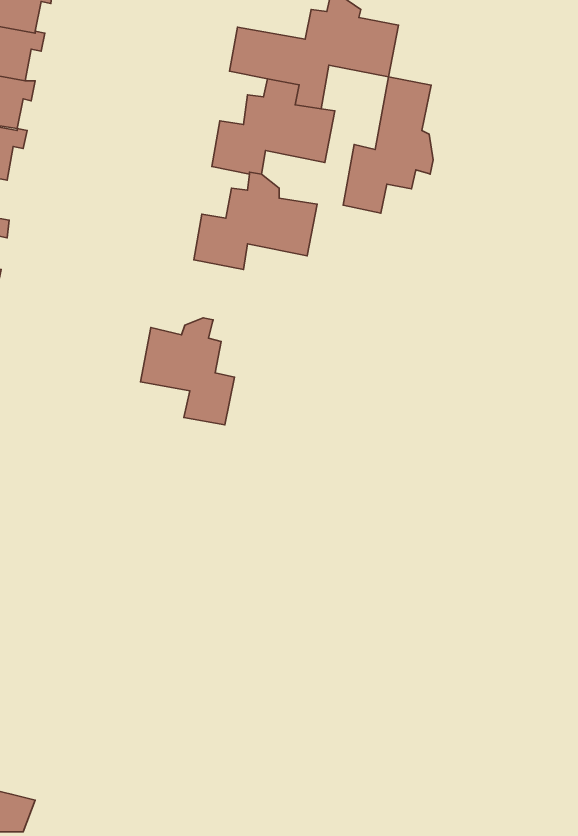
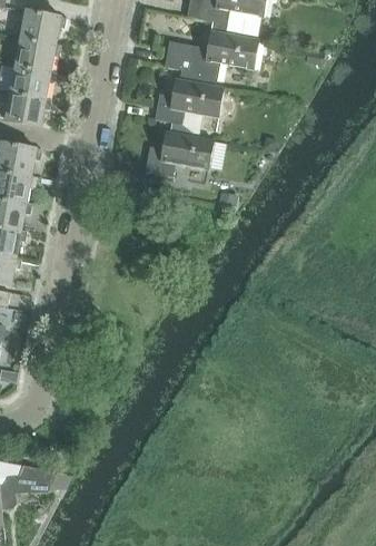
building: [343,77,433,213] -> none
building: [140,318,235,425] -> none

